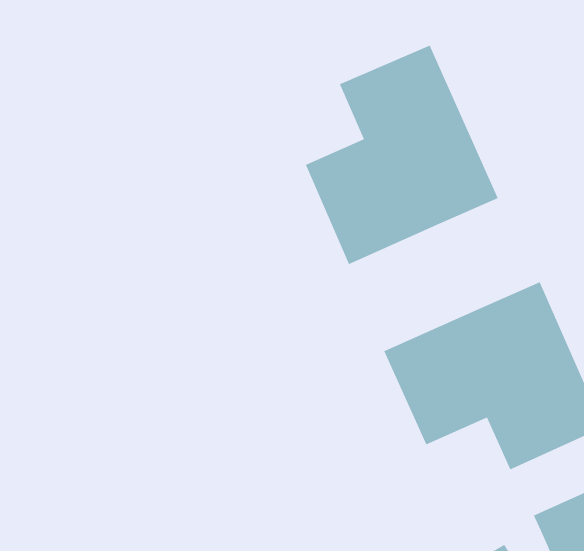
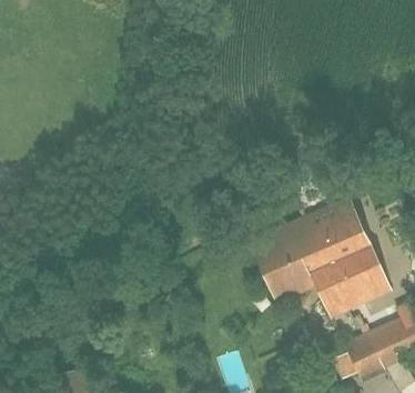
building: [305,44,499,265] -> none

